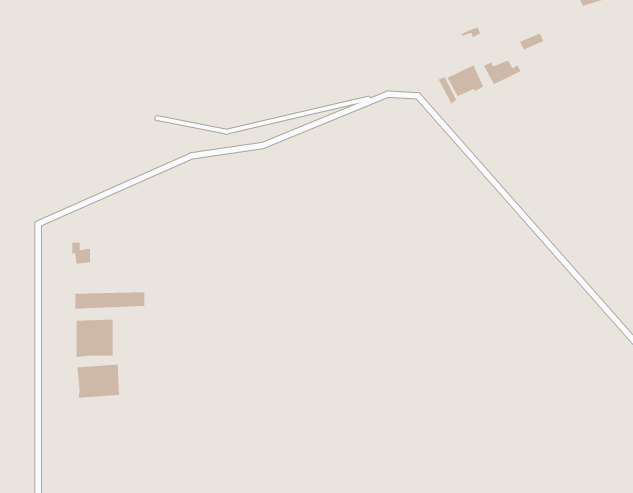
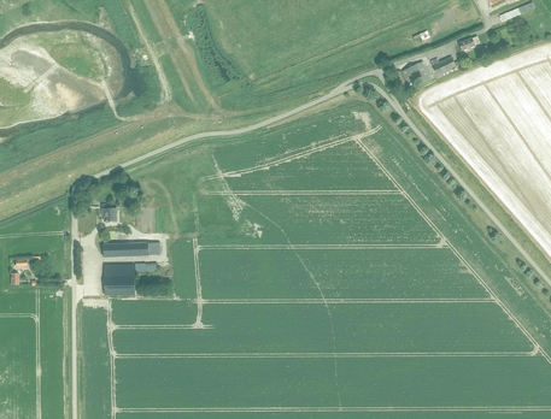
building: [77,364,120,398] -> none

